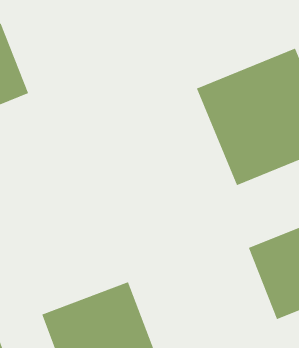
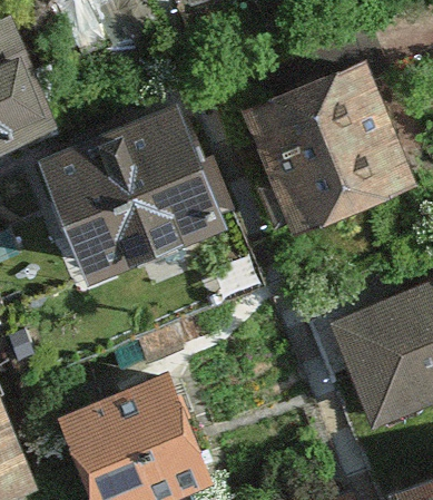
building: none -> [67,120,205,254]

